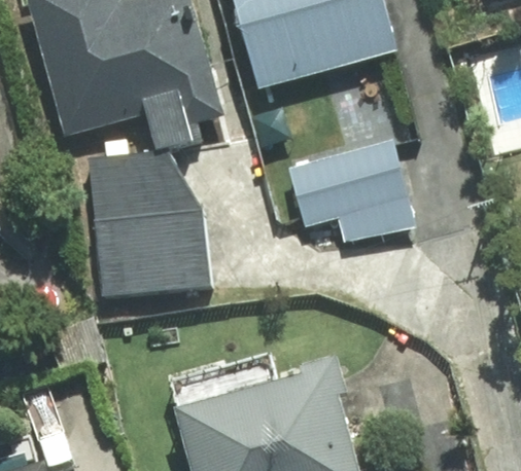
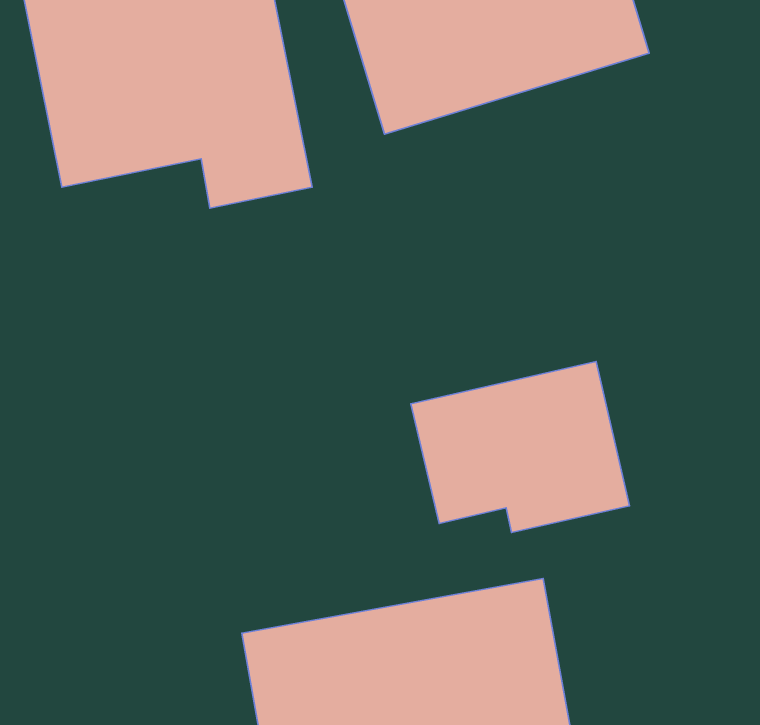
building: [279,139,407,239] -> [411,361,630,532]
building: [85,165,218,307] -> none

